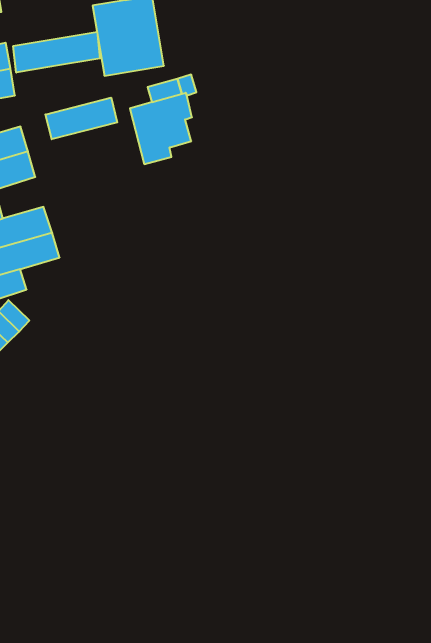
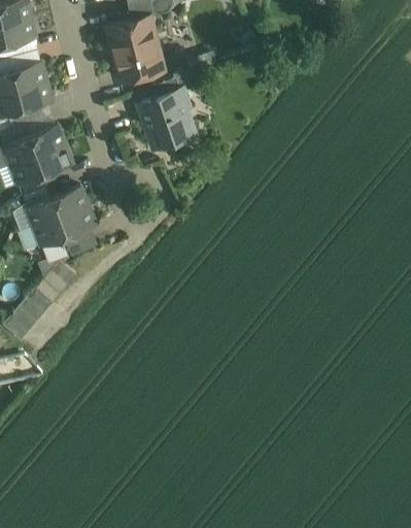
building: [13,32,100,73] -> none
building: [45,98,117,139] -> none

